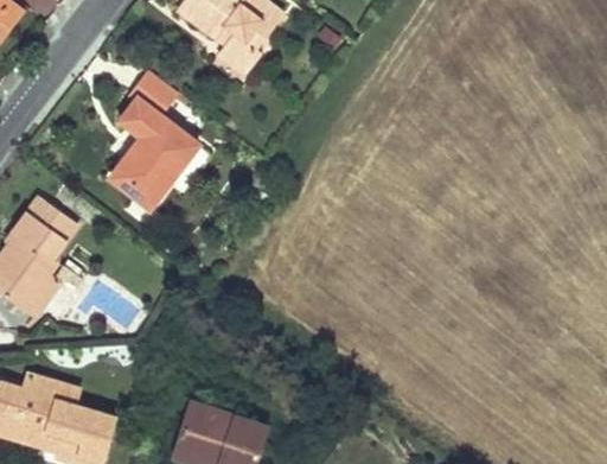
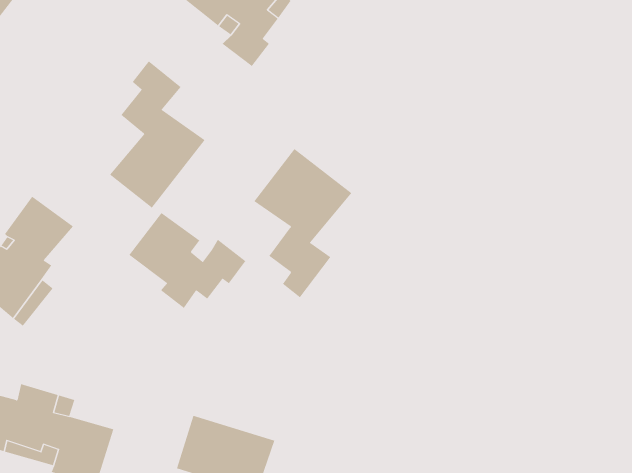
building: none -> [254,148,352,298]
building: none -> [129,212,246,309]

